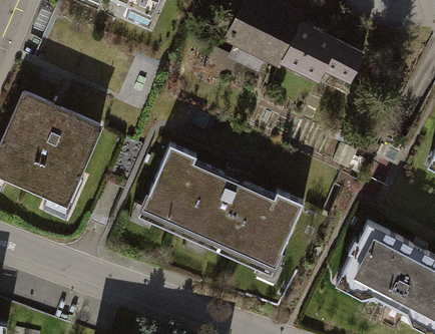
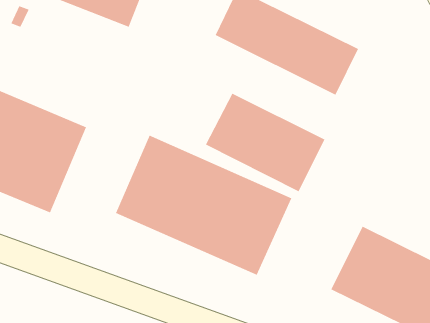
building: none -> [205,93,325,192]

